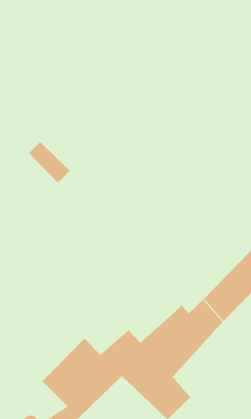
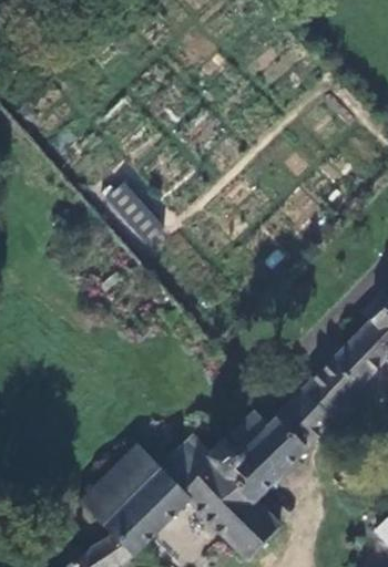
building: [28,141,71,184] -> [106,185,162,240]

